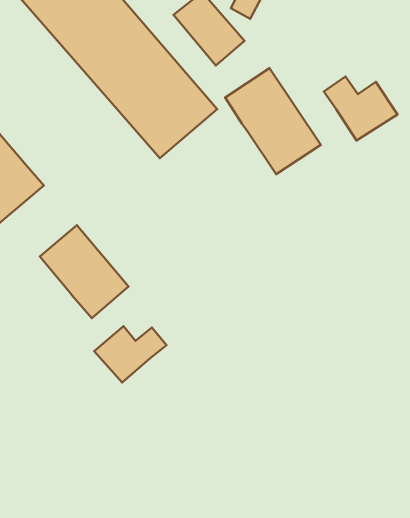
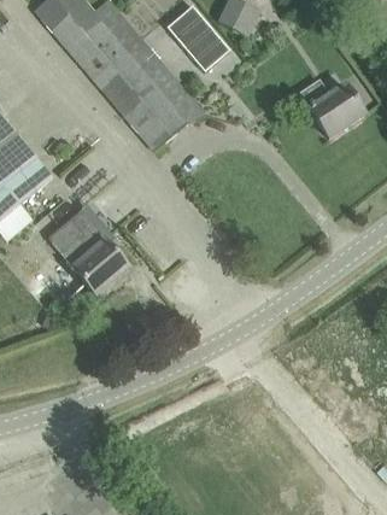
building: [225,68,321,174] -> none
building: [94,326,166,383] -> none

